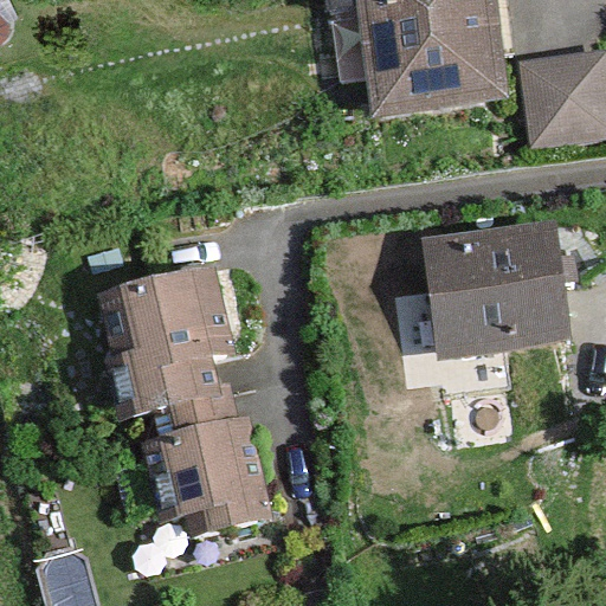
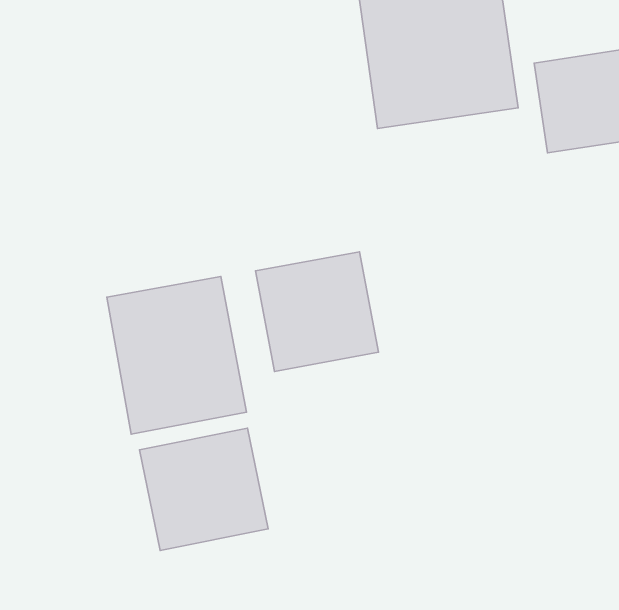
building: [414,215,569,359] -> none
building: none -> [256,252,378,372]

